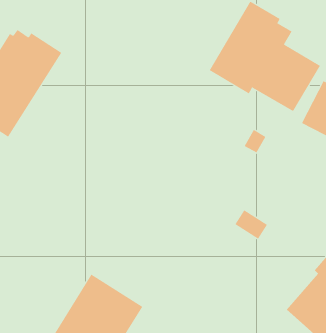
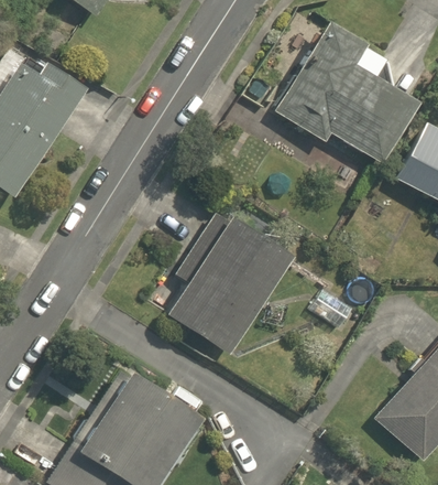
building: none -> [164,214,286,354]

